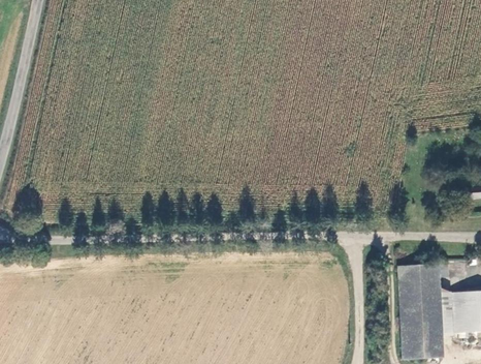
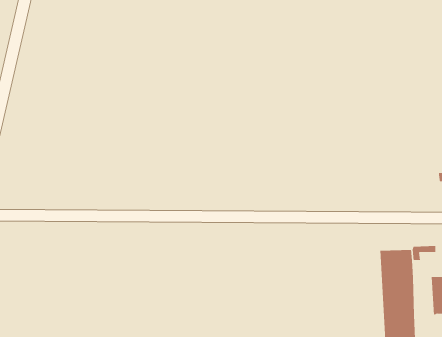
building: [434,294,453,333] -> none

